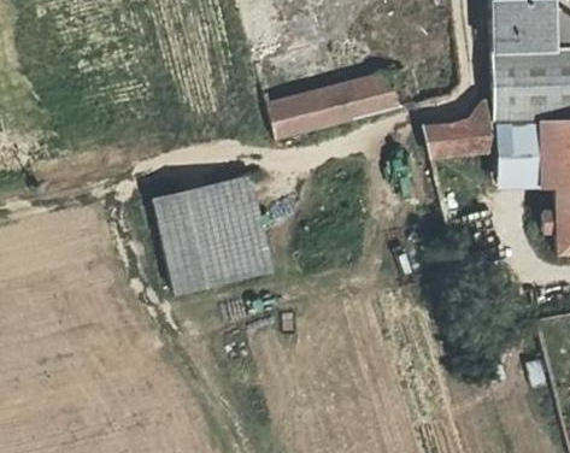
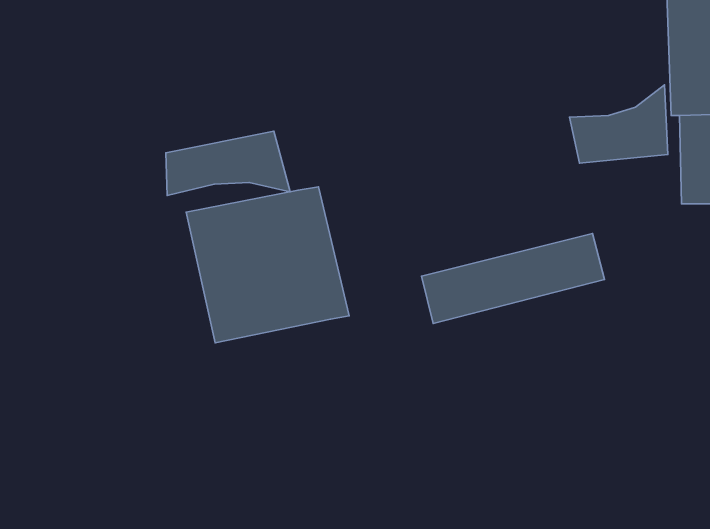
building: [274,71,404,135] -> [421,234,604,324]
building: none -> [166,131,290,196]

